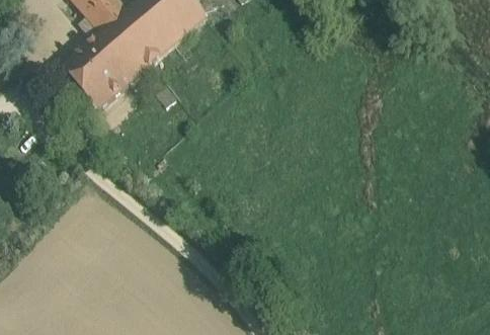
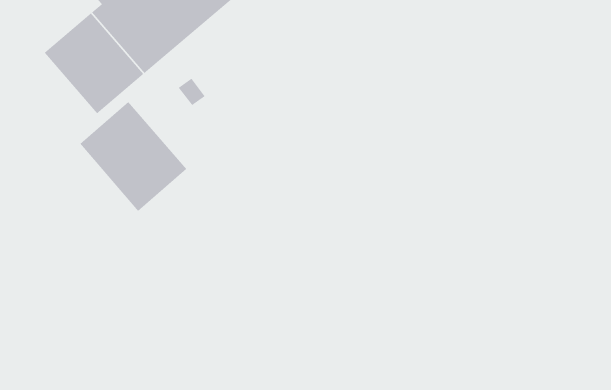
building: none -> [79,101,187,212]

